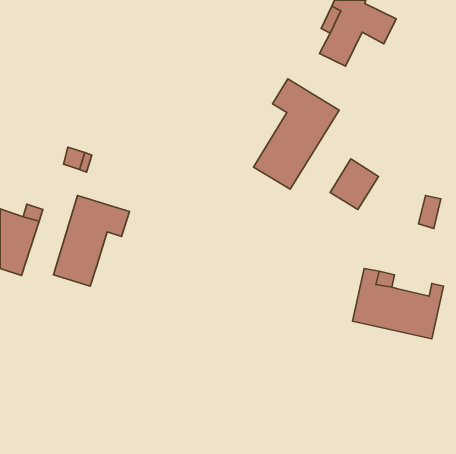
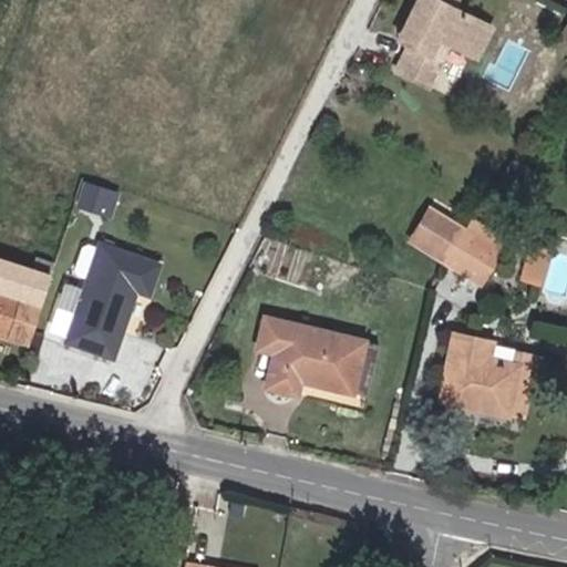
building: [253,79,339,189] -> none
building: none -> [444,221,506,285]
building: none -> [256,317,375,395]

